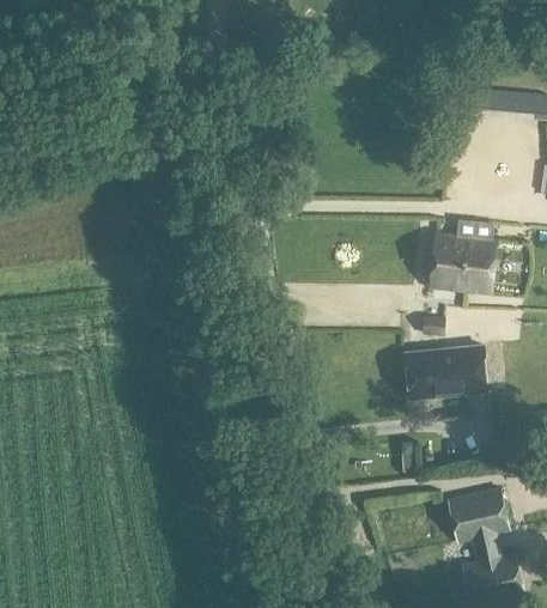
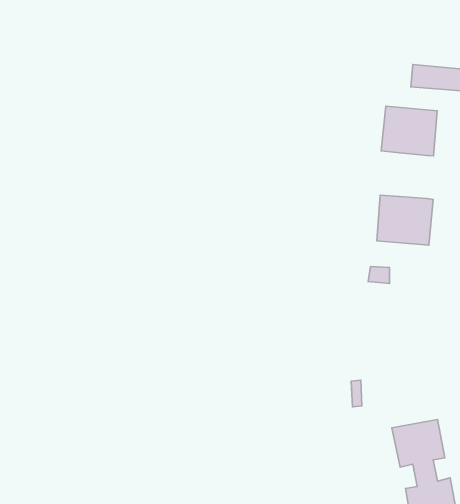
building: none -> [381,106,437,156]
building: [405,343,487,397] -> none

